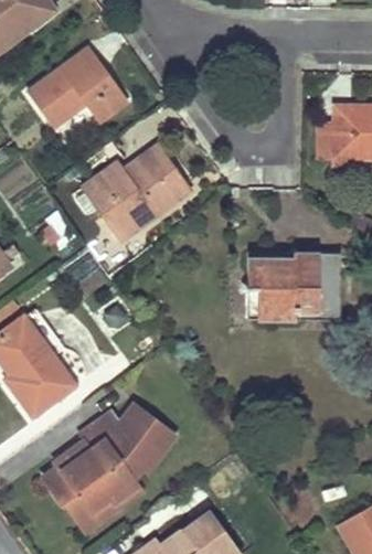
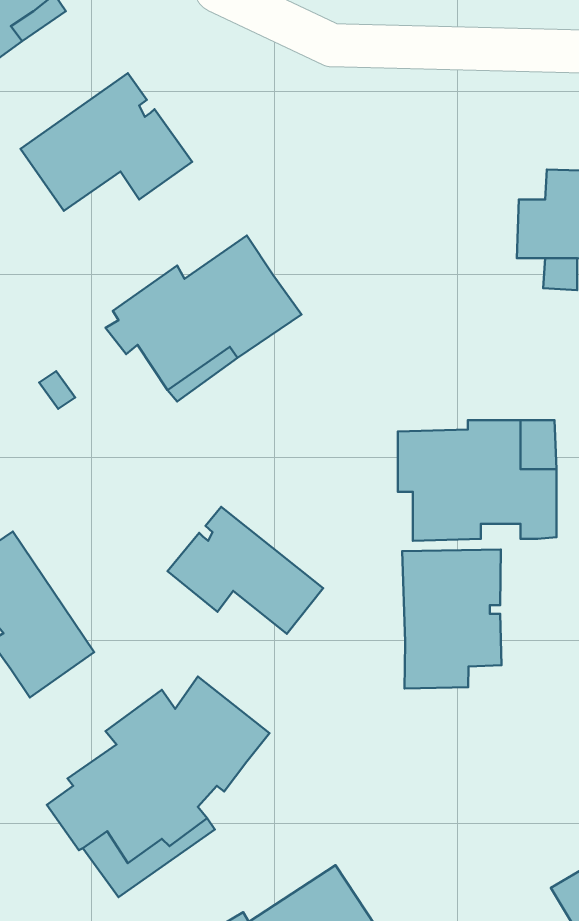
building: none -> [167,507,323,634]
building: none -> [402,550,501,689]

